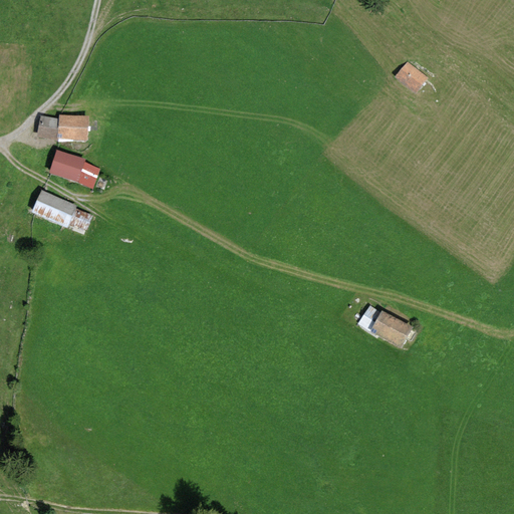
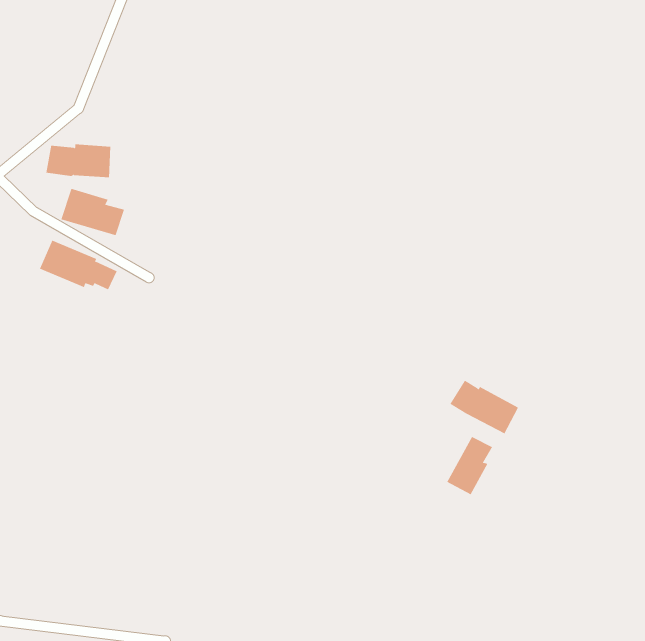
building: [394,60,429,94] -> none
building: none -> [446,436,493,495]

